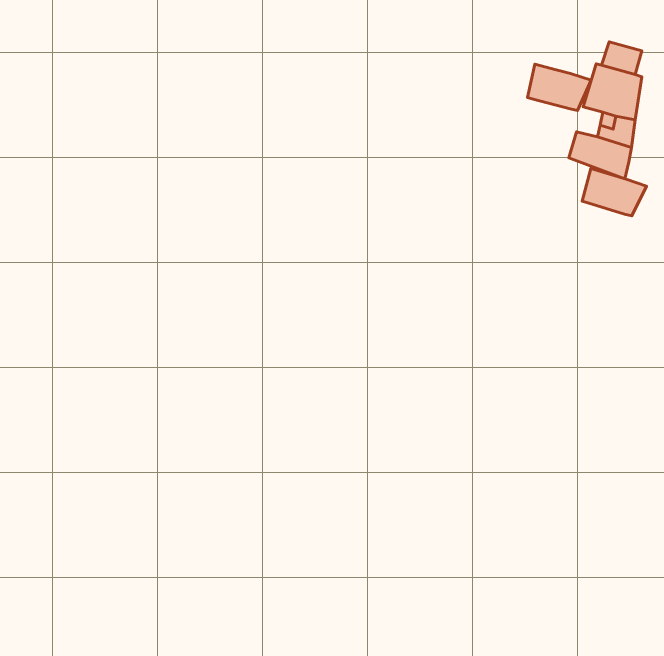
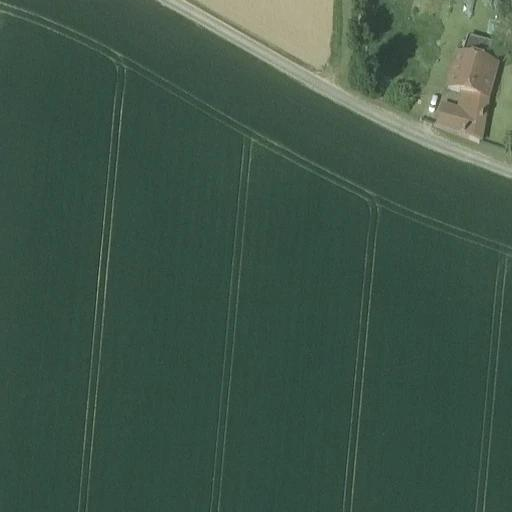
building: [528,64,591,110] -> none
building: [582,168,646,216] -> none

